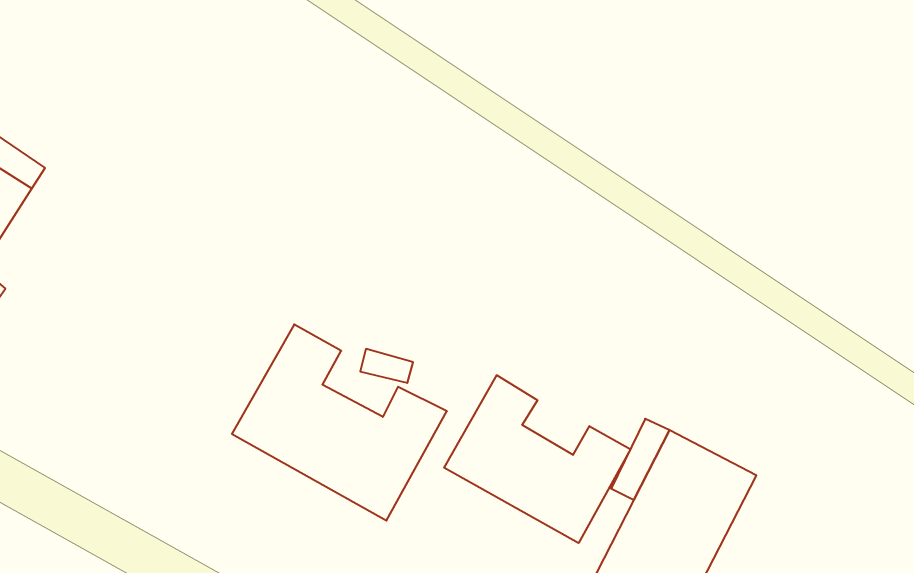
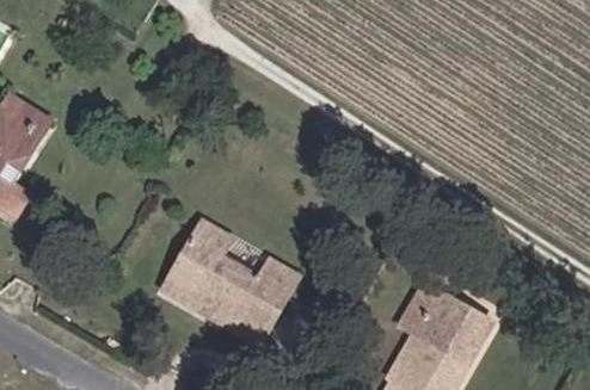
building: [444,375,630,543] -> none

